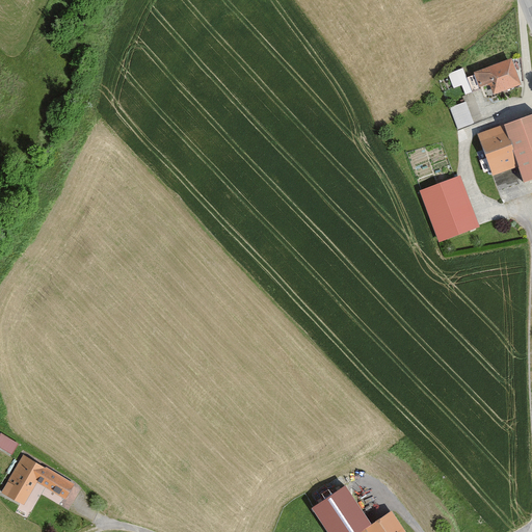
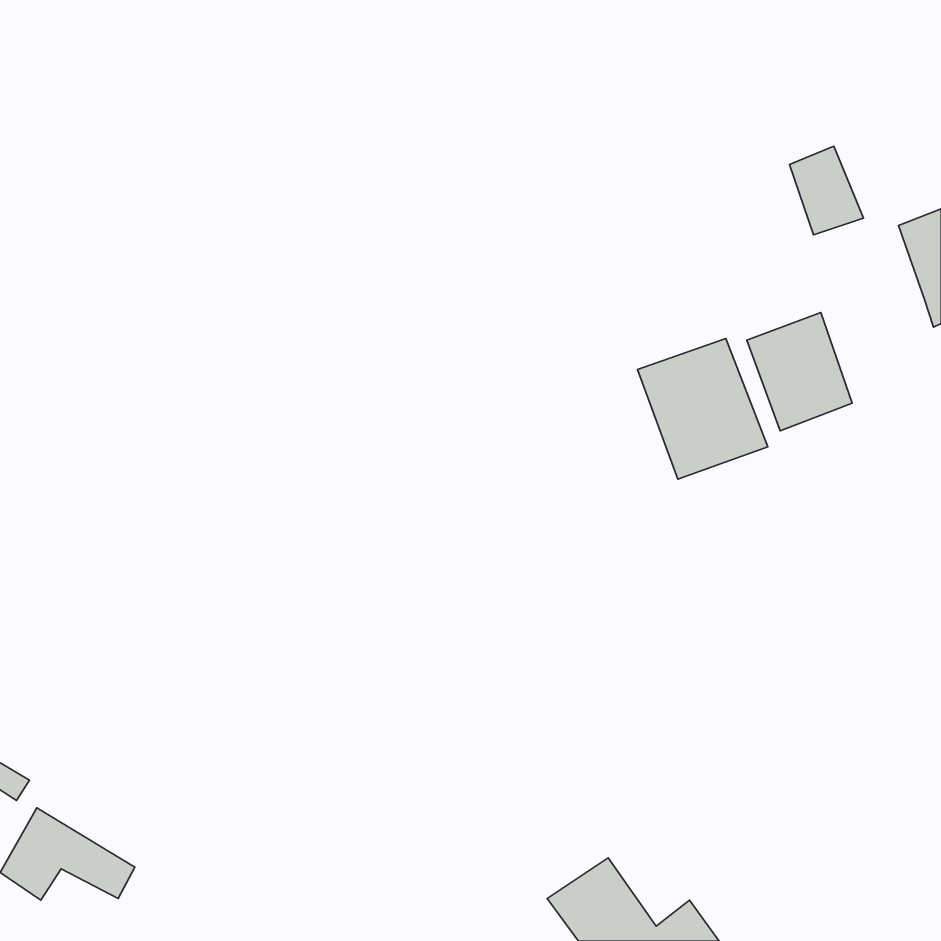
building: [473,60,521,96] -> none
building: [478,127,520,177] -> none
building: none -> [637,338,768,479]

